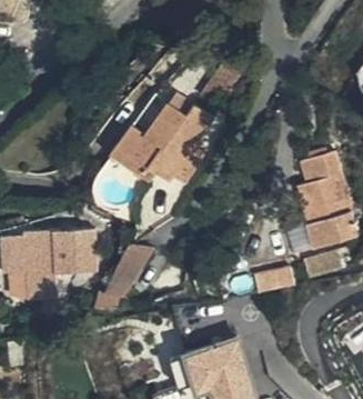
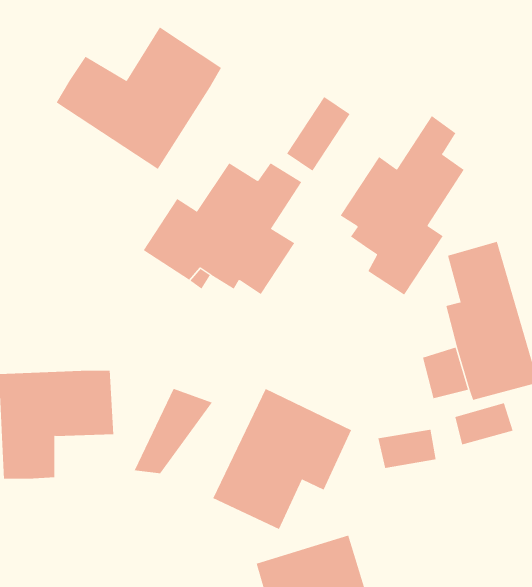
building: none -> [56,26,222,170]
building: none -> [340,115,465,296]
building: none -> [213,388,352,530]

